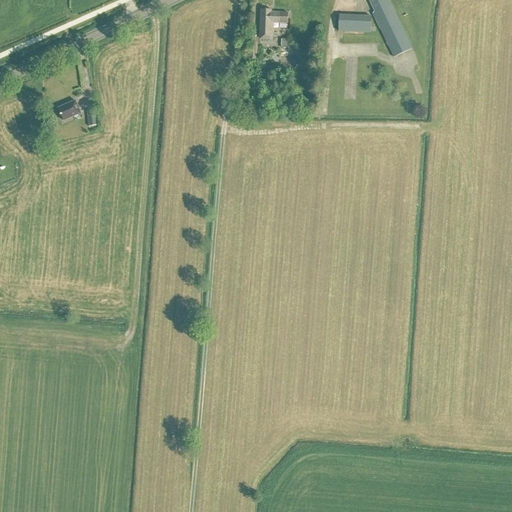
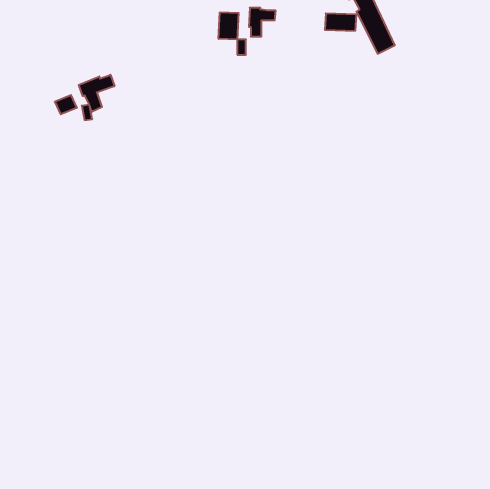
building: none -> [219,12,239,39]
building: none -> [79,75,114,112]

